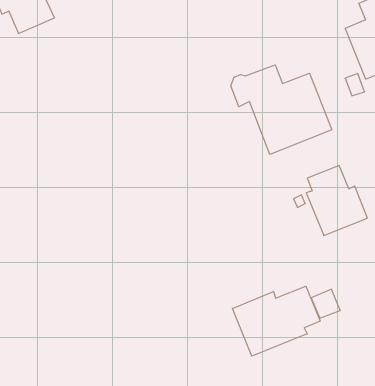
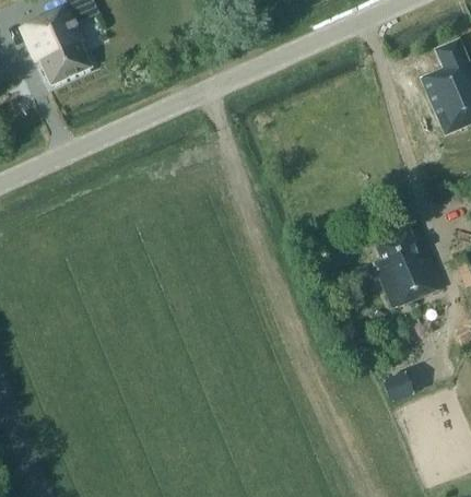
building: [231,65,332,154] -> none
building: [232,286,320,356] -> none

